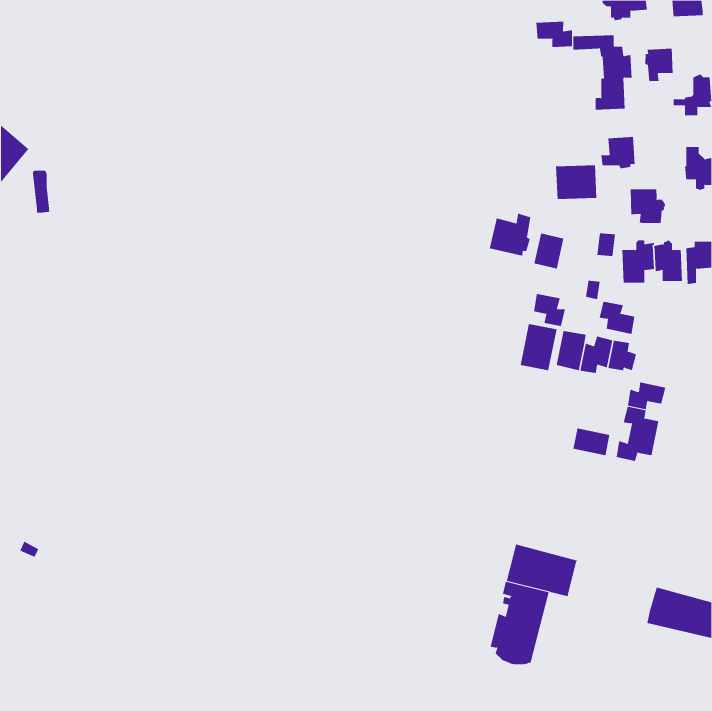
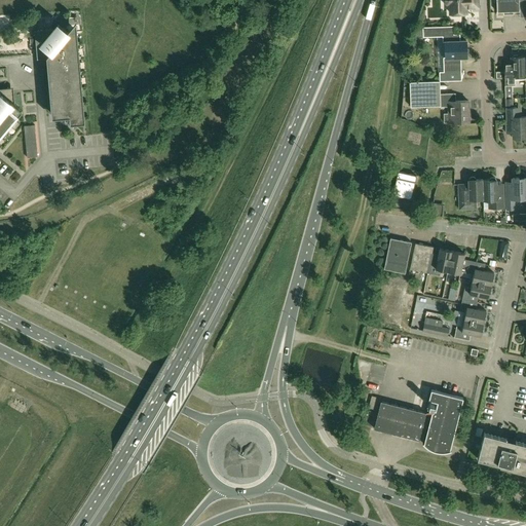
building: [536,21,573,48] -> none
building: none -> [34,25,84,124]
building: [645,48,673,82] -> none
building: [555,165,597,200] -> [409,82,440,108]
building: [630,188,666,224] -> none
building: [489,213,531,256] -> none
building: [533,293,566,327] -> none
building: [599,301,635,334] -> [466,262,493,287]
building: [490,581,550,665] -> [419,391,463,453]

